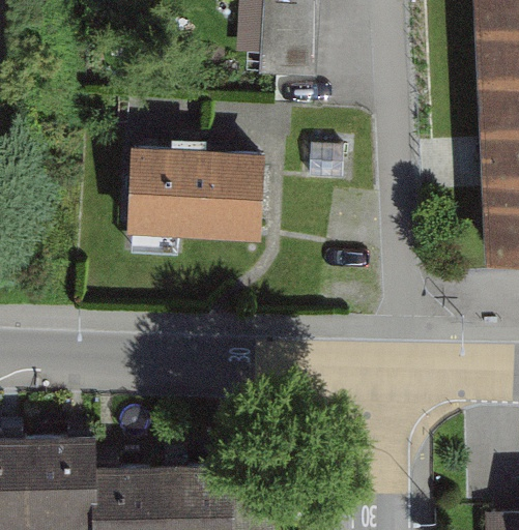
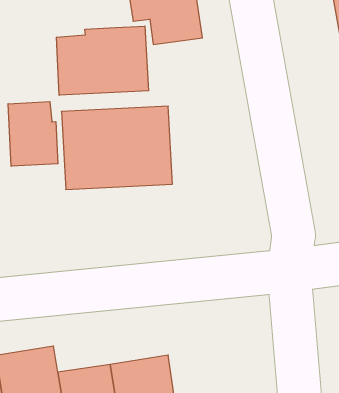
building: none -> [56,26,148,95]
building: none -> [8,102,58,166]

